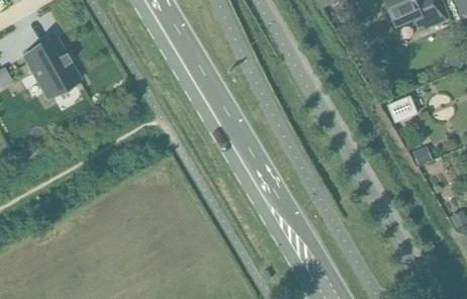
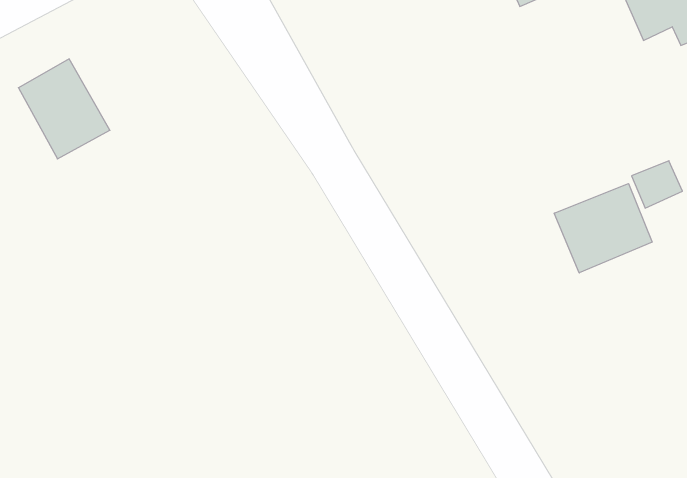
building: none -> [554,184,652,273]

